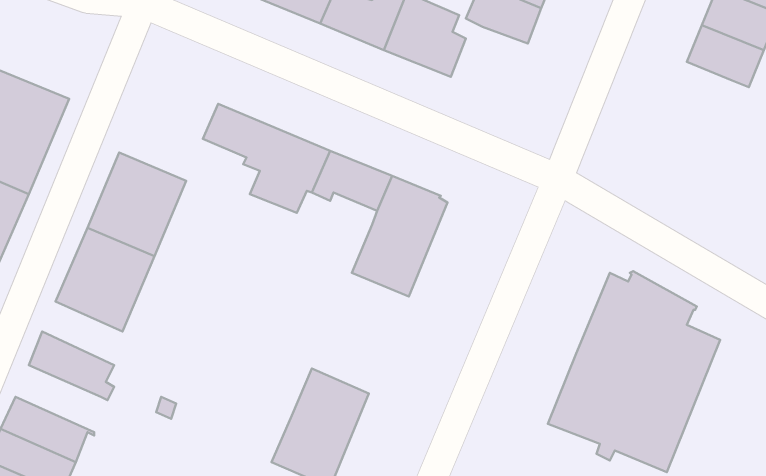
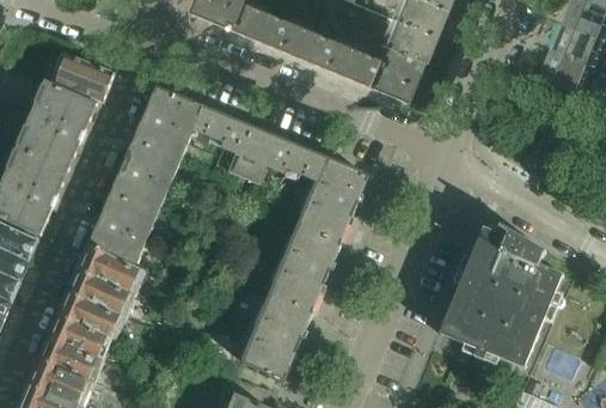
building: none -> [369,48,424,102]
building: none -> [55,53,114,102]
building: none -> [133,86,203,160]
building: none -> [270,226,339,312]
building: none -> [78,246,140,294]
building: none -> [59,292,120,340]

